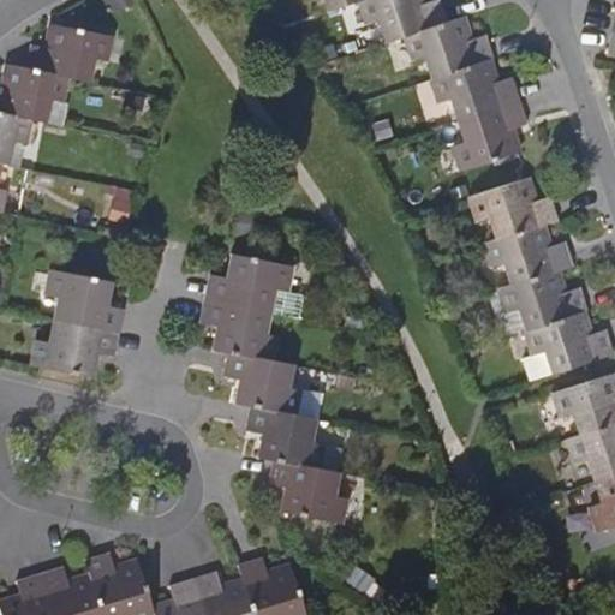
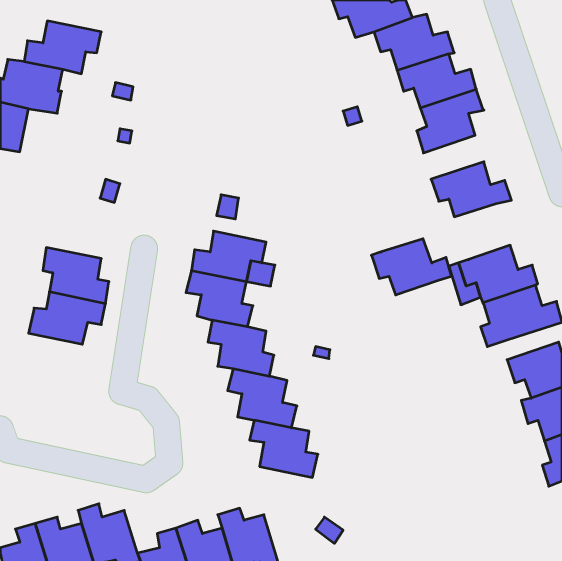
building: [485,223,573,285] -> [371,239,452,295]

